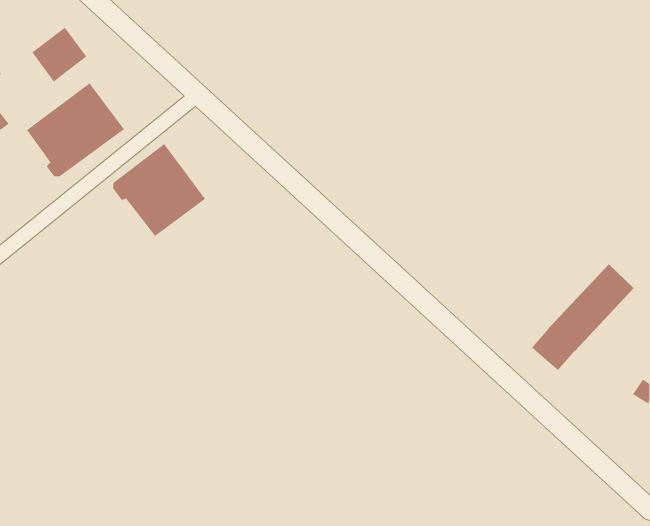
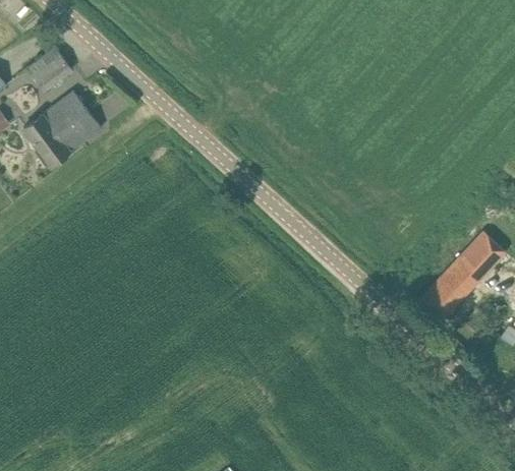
building: [112,143,206,237] -> none

